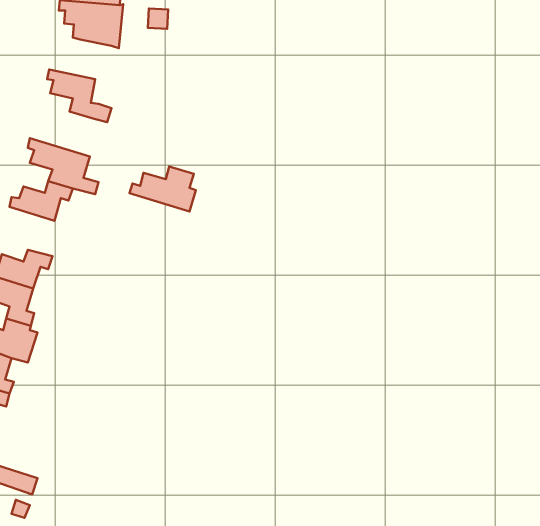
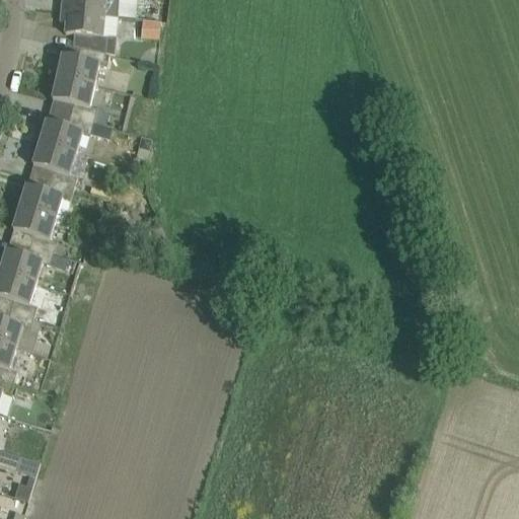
building: none -> [49,45,109,85]
building: [129,166,196,212] -> [30,113,93,155]
building: none -> [8,203,55,249]

